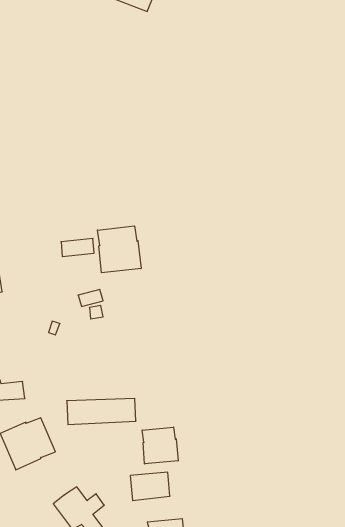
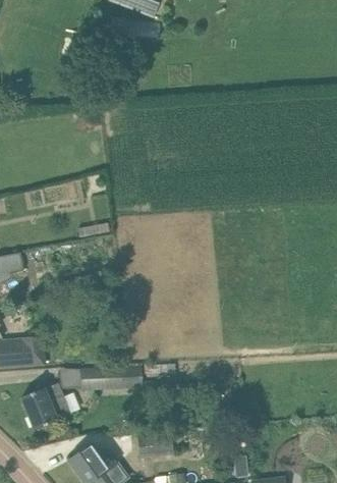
building: [97,226,141,273] -> none
building: [142,427,178,464] -> none

